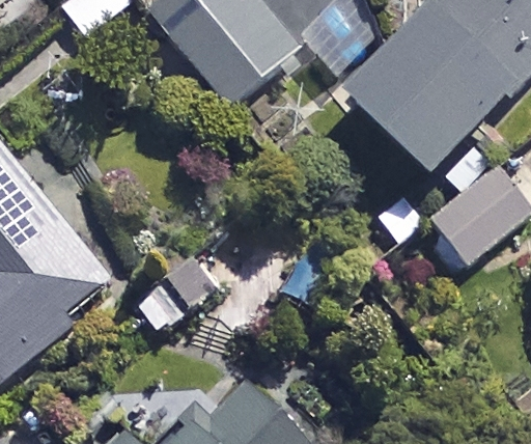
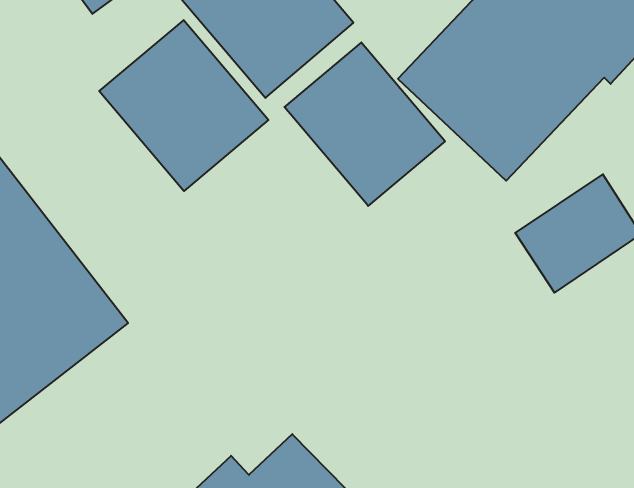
building: none -> [99,20,268,191]
building: none -> [284,42,445,206]

